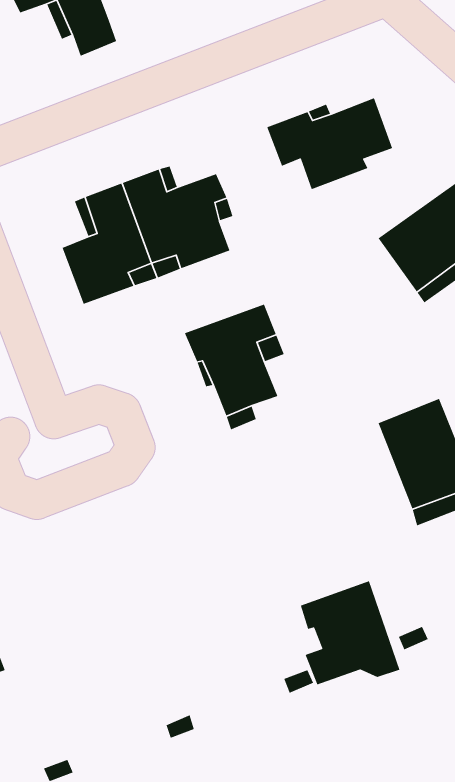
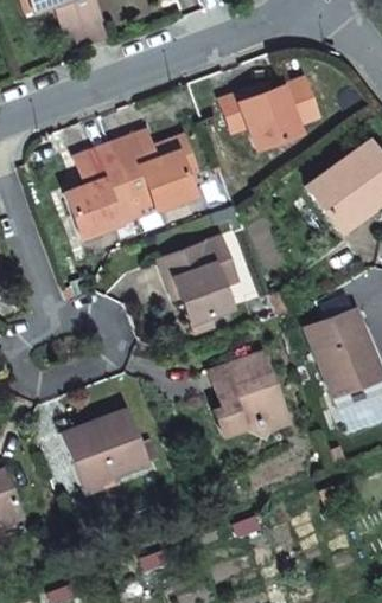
building: none -> [62,406,148,487]
building: [300,580,400,686] -> [210,352,287,432]

